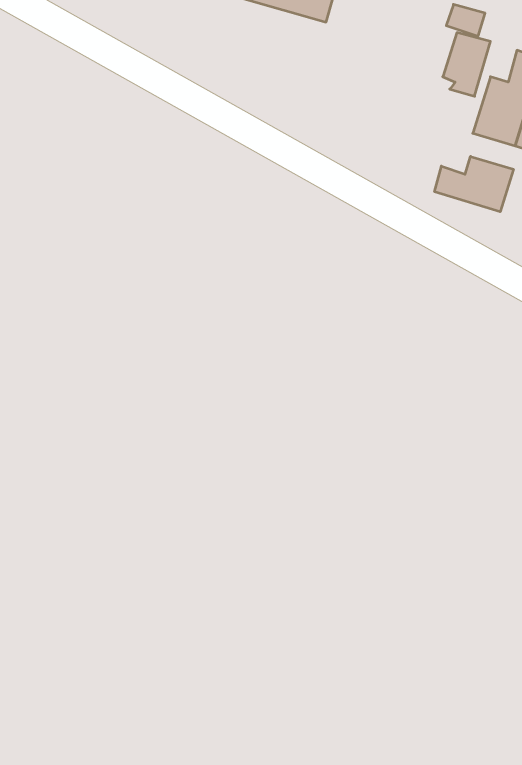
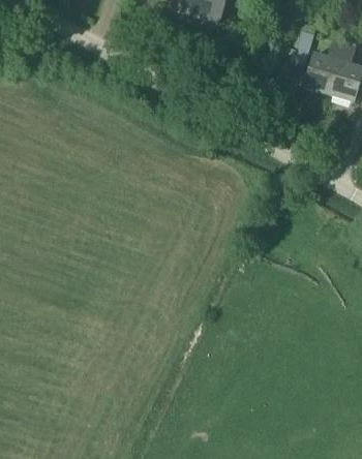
building: [435,156,513,212] -> none

